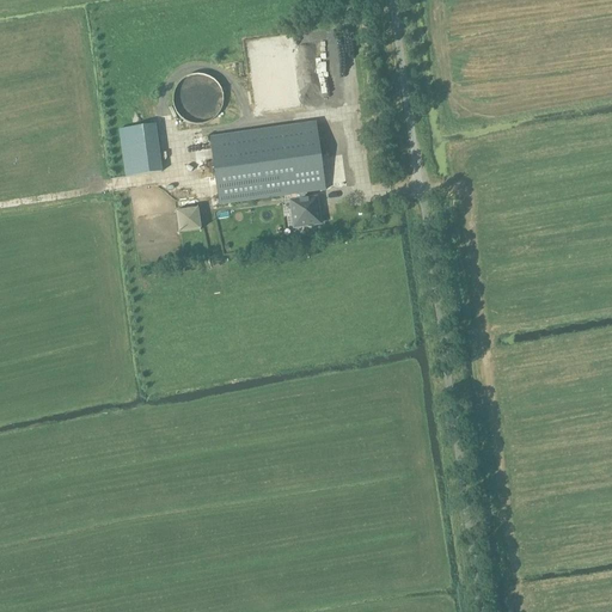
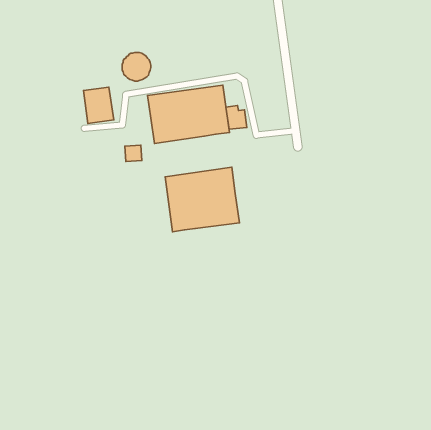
building: [289,190,319,224] -> [226,105,247,129]
building: none -> [165,167,240,232]

